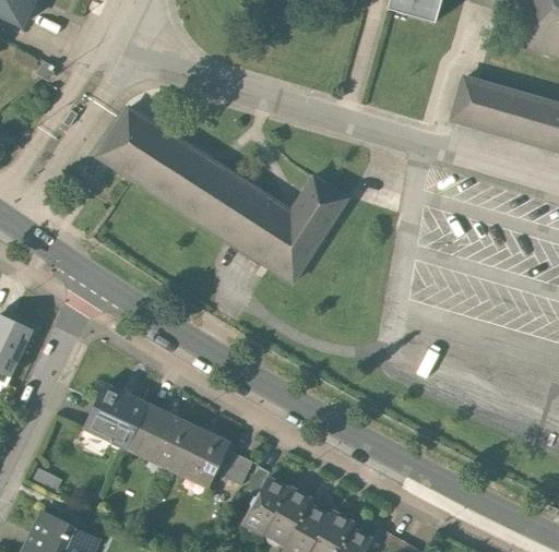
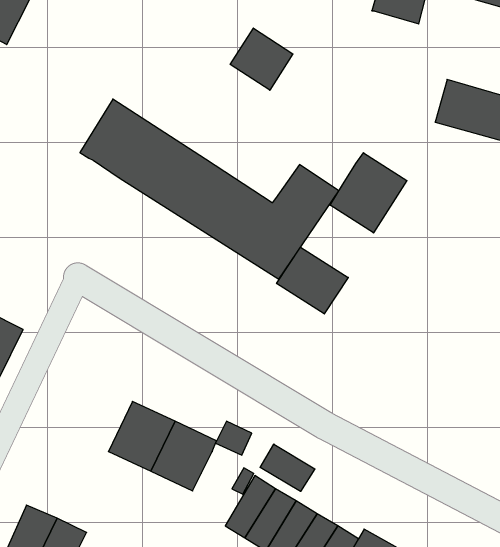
building: none -> [230,28,293,90]
building: none -> [330,153,407,233]
building: none -> [277,247,348,314]
building: [82,382,147,453] -> none
building: none -> [260,444,315,491]
building: [216,453,252,487] -> [216,421,252,455]

